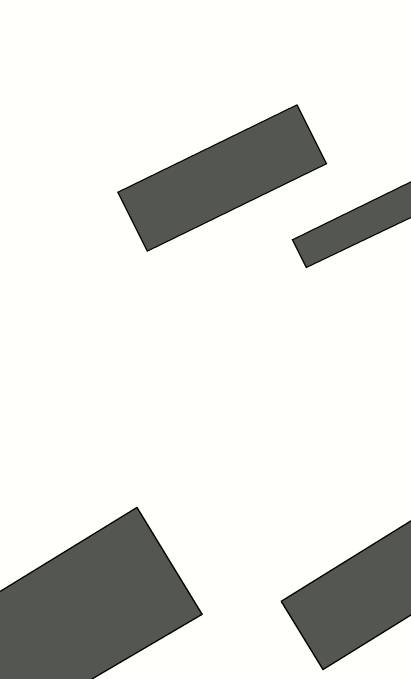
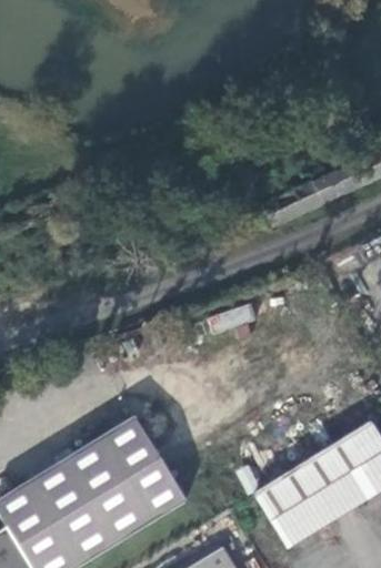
building: [118,105,326,251] -> none

